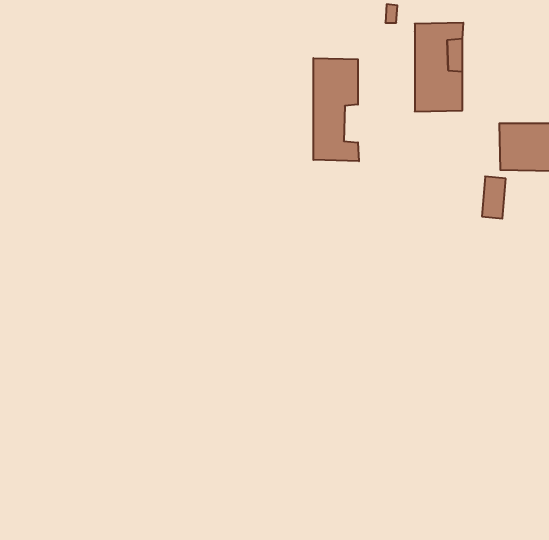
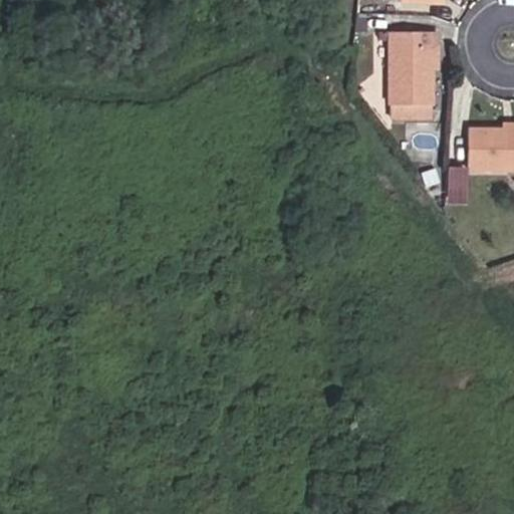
building: [313,58,359,161] -> none

